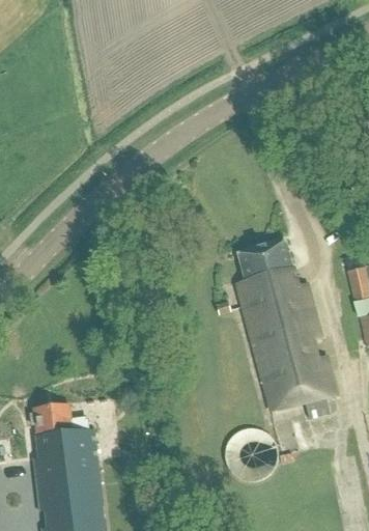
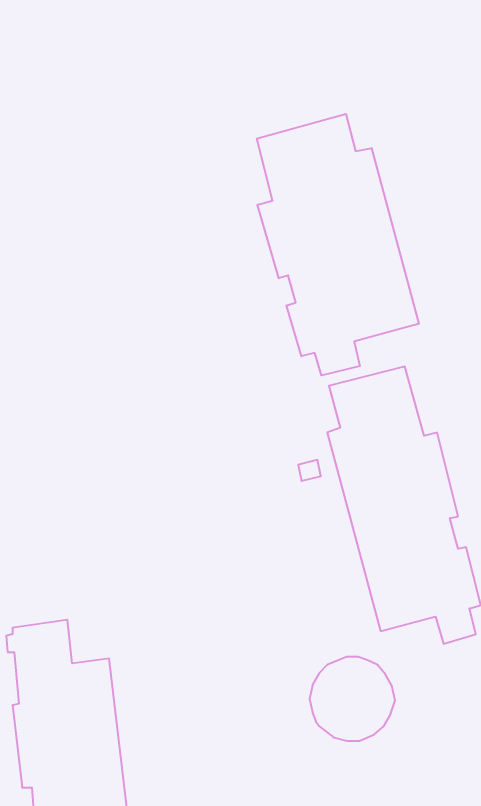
building: none -> [257,114,419,375]

